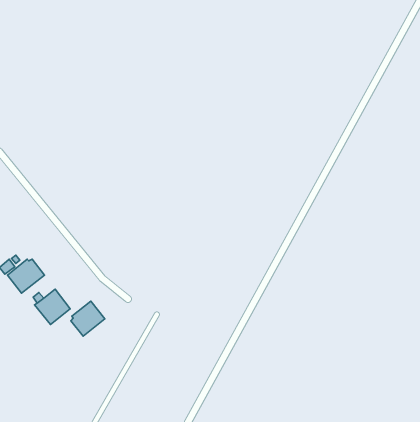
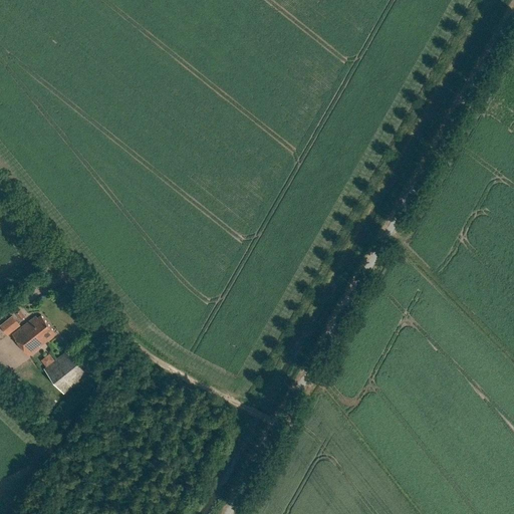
building: [71,301,105,336] -> none

